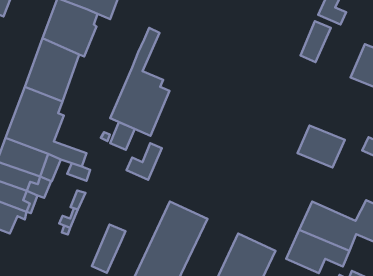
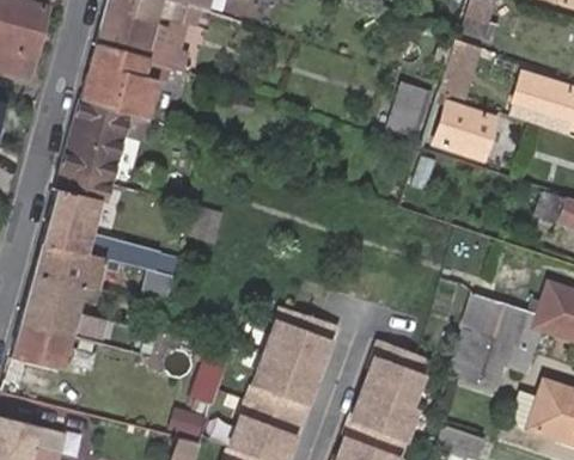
building: [110,28,169,136] -> none
building: none -> [389,81,439,139]
building: [298,126,345,167] -> [435,103,499,158]
building: [127,143,162,180] -> none

